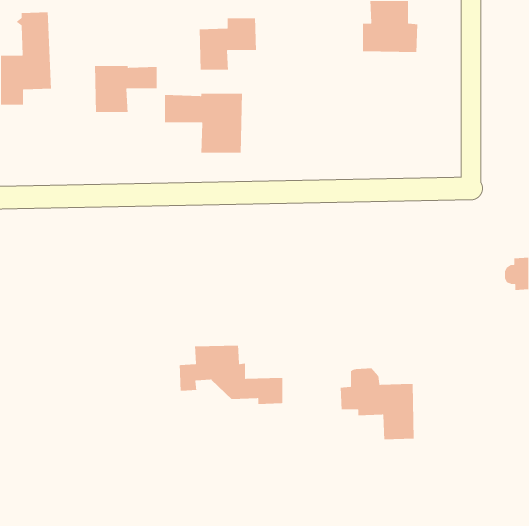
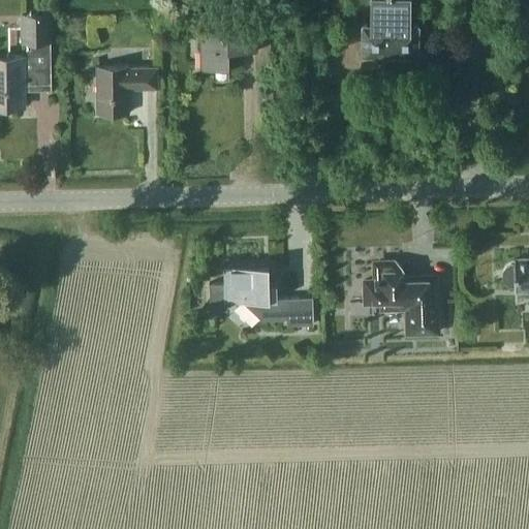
building: [164,93,243,153] -> none
building: [179,345,283,405] -> [209,266,313,325]
building: [340,368,414,440] -> [363,262,437,335]

